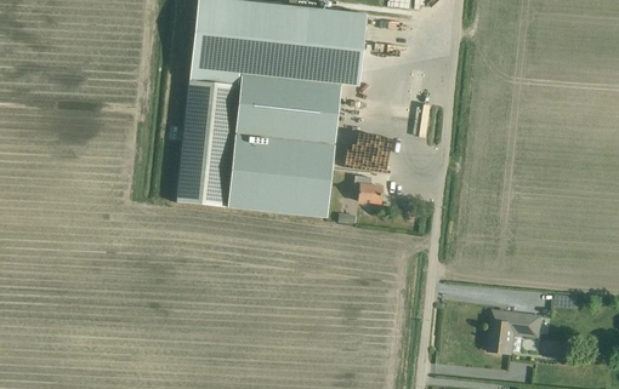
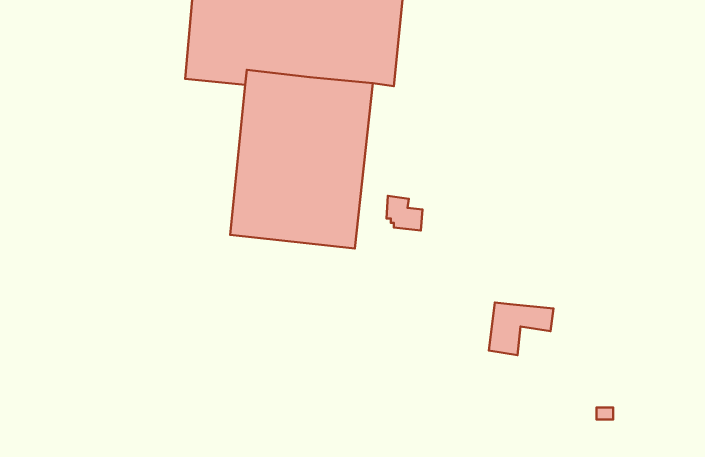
building: [177,80,238,206] -> none
building: [488,310,540,353] -> [489,303,553,355]

